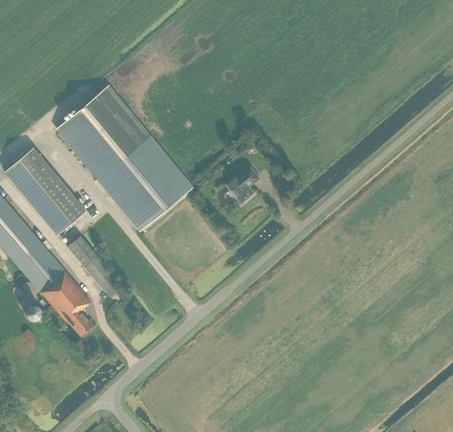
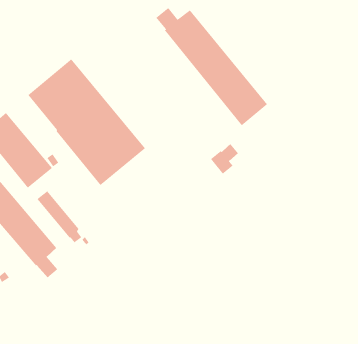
building: none -> [156,7,268,126]
building: [228,166,261,202] -> [210,143,239,175]

